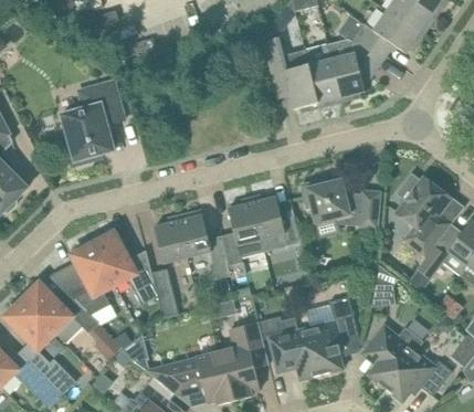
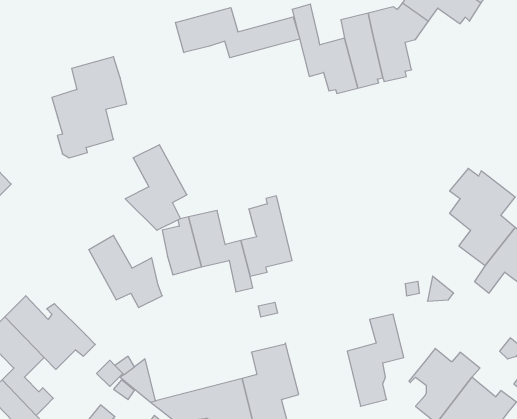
building: none -> [175,8,300,58]
building: [301,178,379,226] -> none
building: [250,194,301,251] -> none
building: [63,242,115,314] -> [125,145,187,230]
building: [150,268,192,317] -> none
building: [257,316,320,379] -> none

